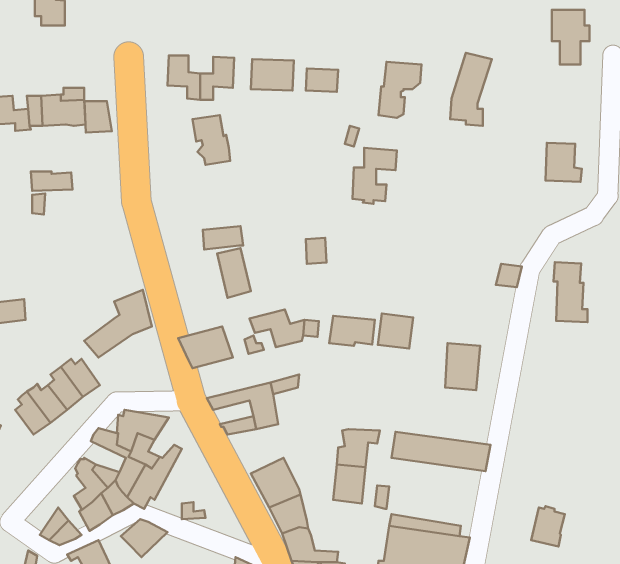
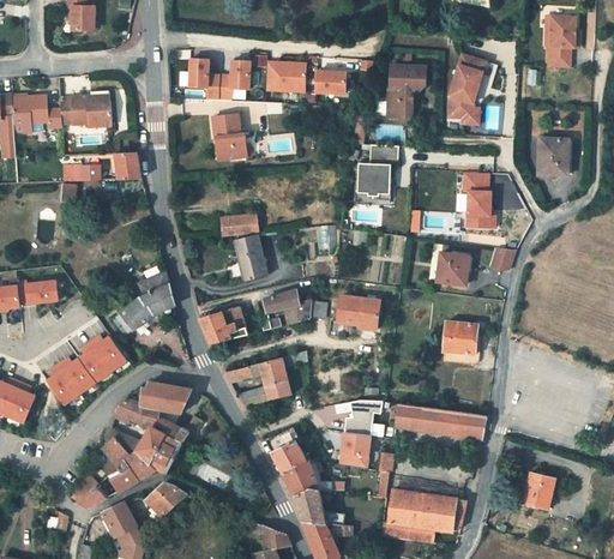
building: [85,101,112,132] -> [116,152,142,181]
building: [554,262,588,322] -> [463,174,494,229]
building: [378,313,413,349] -> [437,252,469,284]

